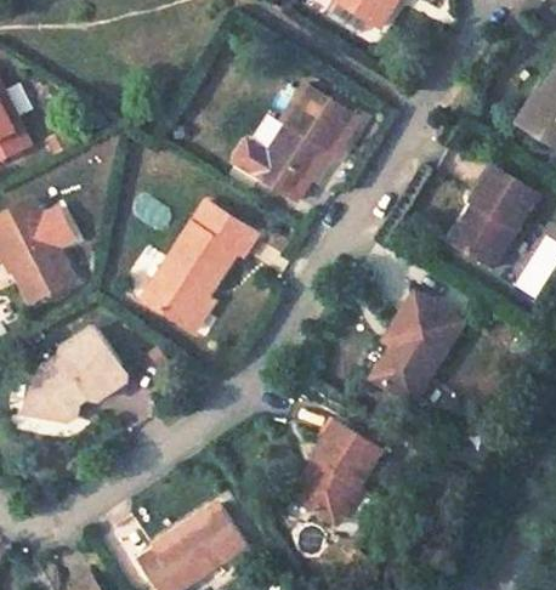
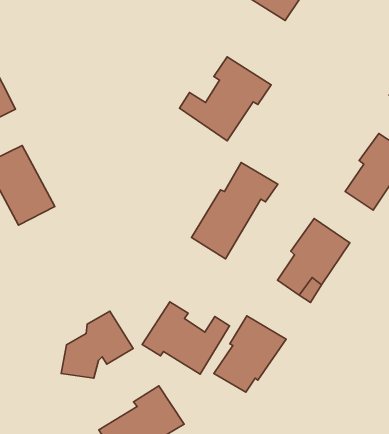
building: [140,197,251,322] -> [192,163,278,259]
building: [39,328,132,415] -> [61,311,133,378]
building: none -> [142,302,229,374]

